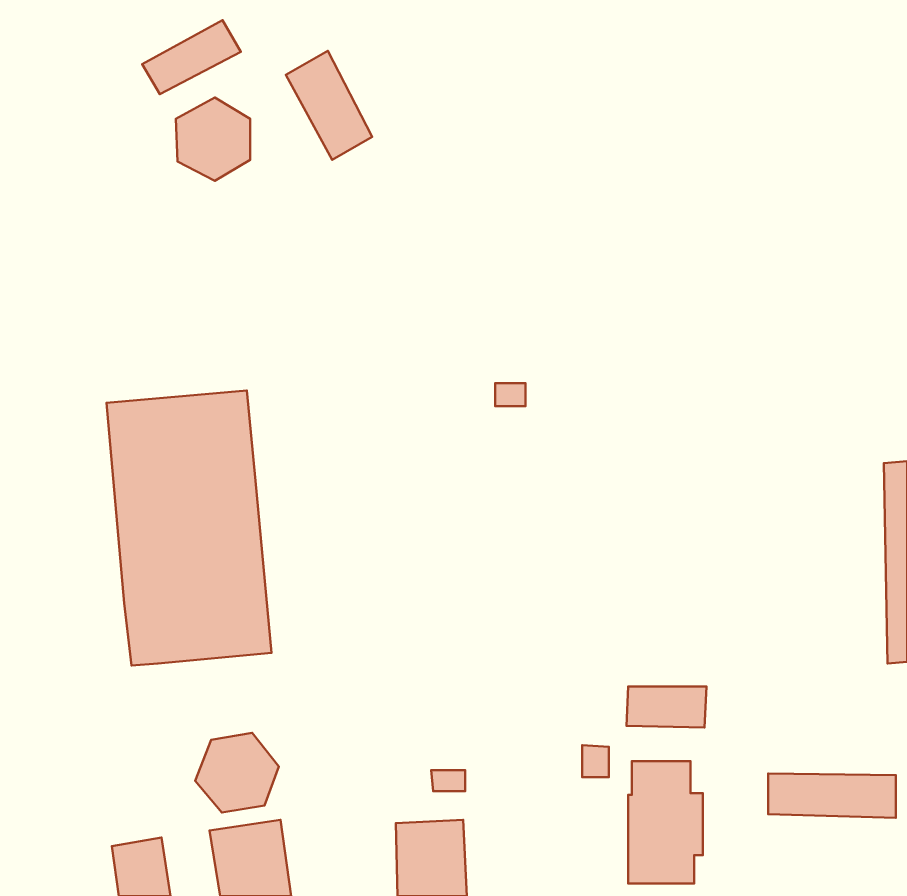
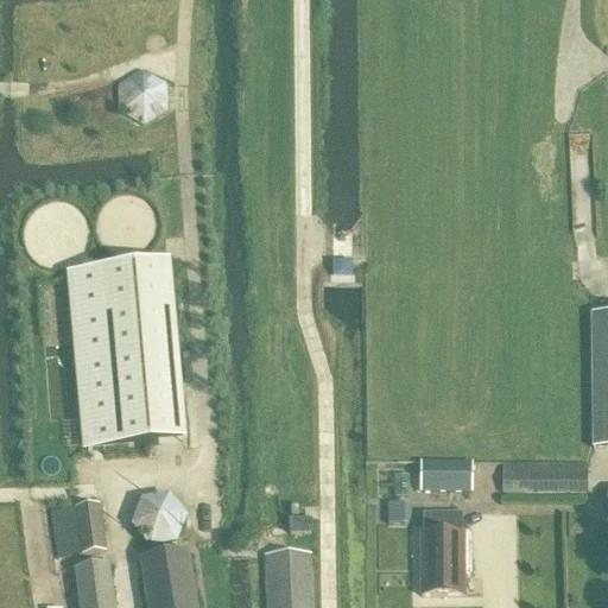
building: [142,20,241,94] -> none
building: [286,51,372,160] -> none
building: none -> [50,500,107,553]
building: [768,773,896,818] -> [502,460,588,489]

